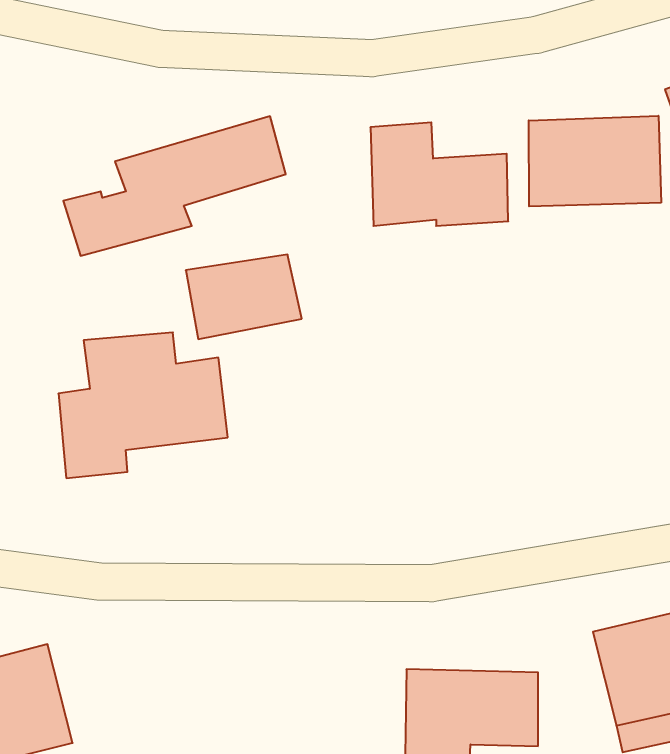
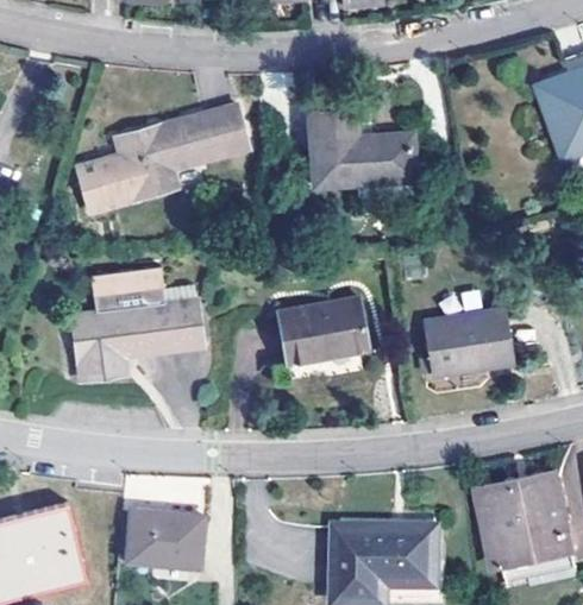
building: [529,116,661,206] -> none
building: [186,255,302,339] -> [277,298,365,363]
building: none -> [422,307,510,376]
building: none -> [124,510,199,567]

